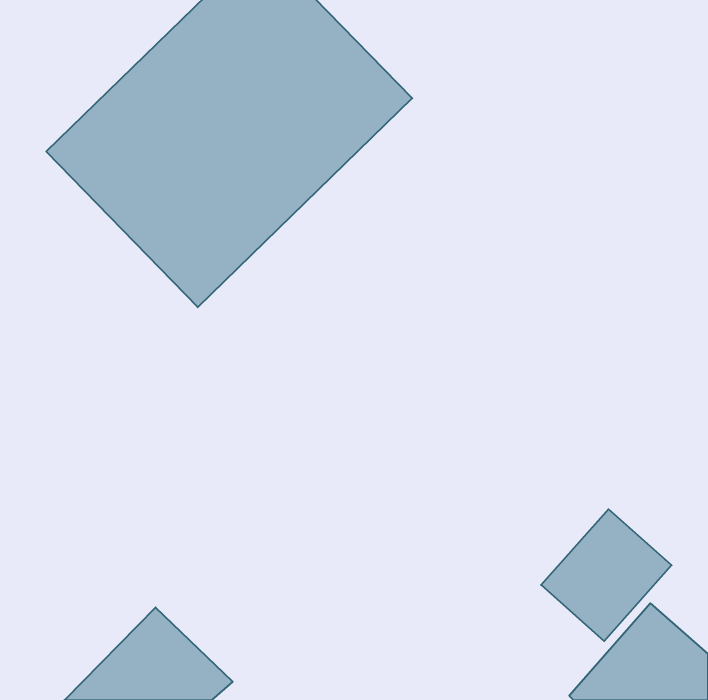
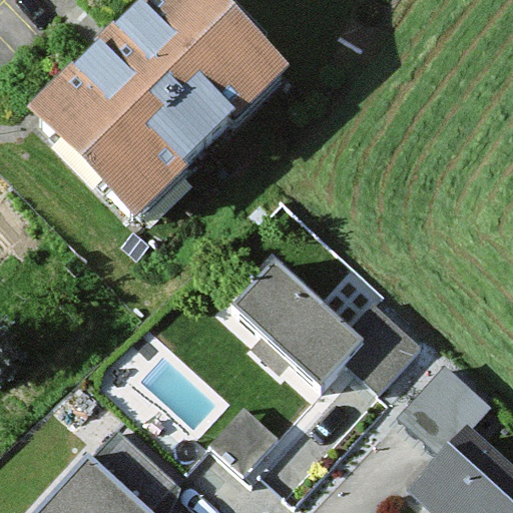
building: none -> [225,265,409,391]

